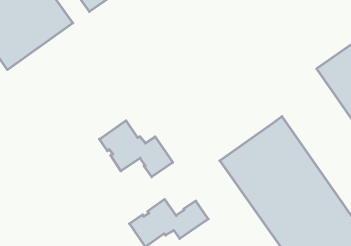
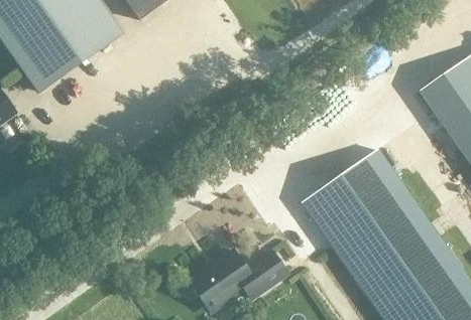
building: [99,121,173,177] -> none

